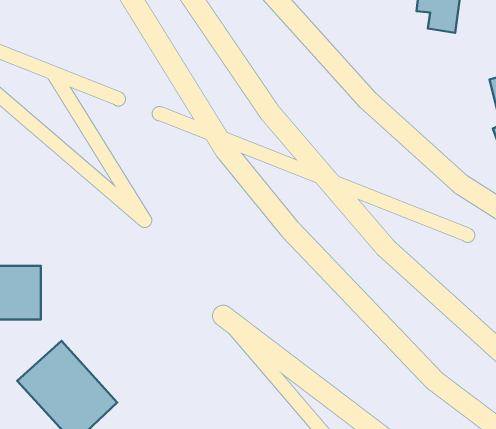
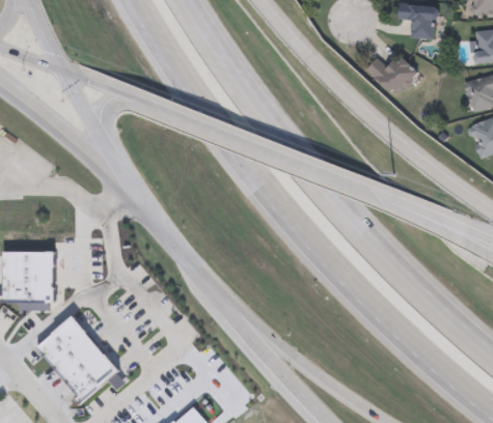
building: none -> [365,54,417,95]

